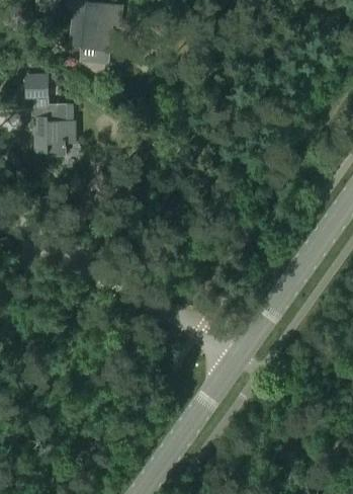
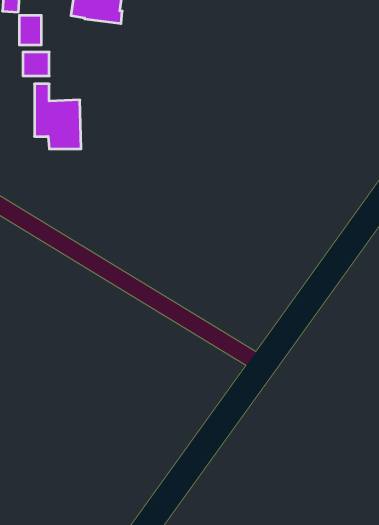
building: none -> [19,15,41,45]

